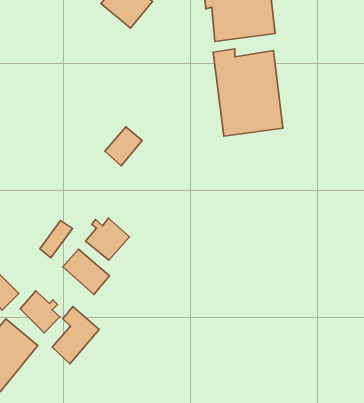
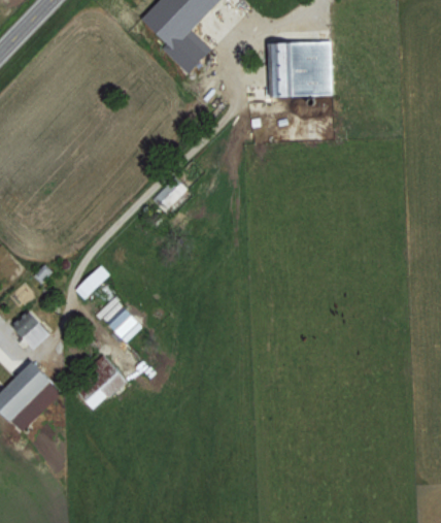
building: [213,49,283,136] -> none
building: [86,218,129,260] -> none
building: [20,291,60,333] -> none

